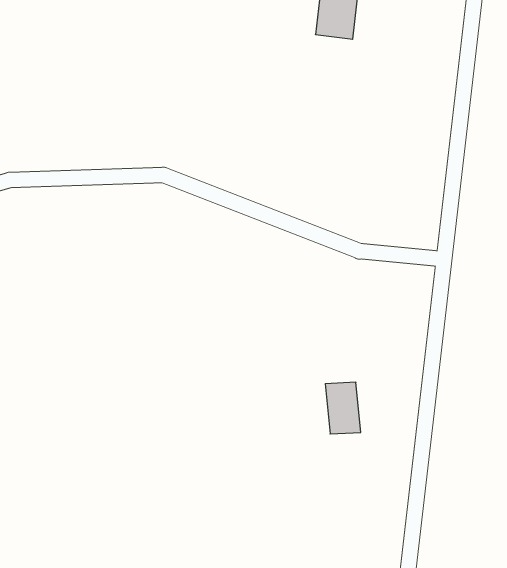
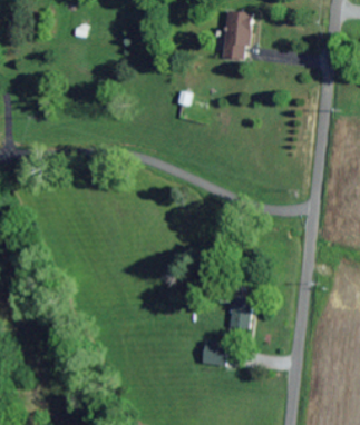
building: none -> [201,342,226,366]

